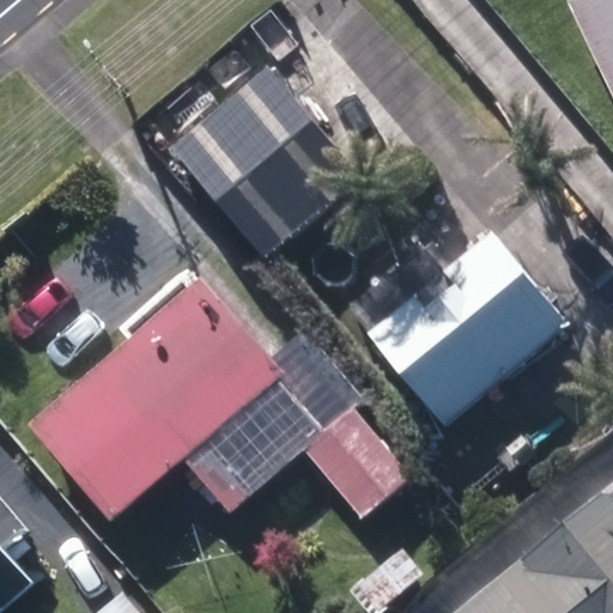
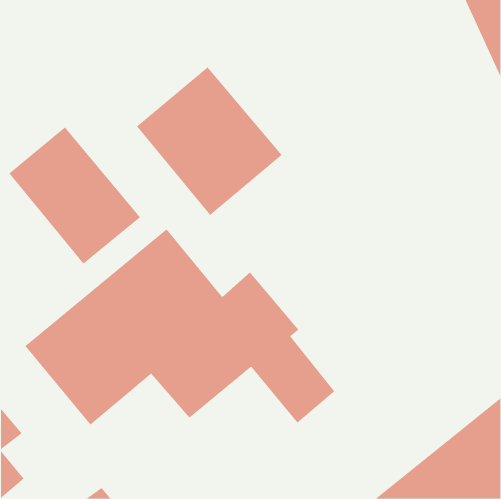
building: none -> [8,127,141,265]
building: [357,216,569,426] -> none

